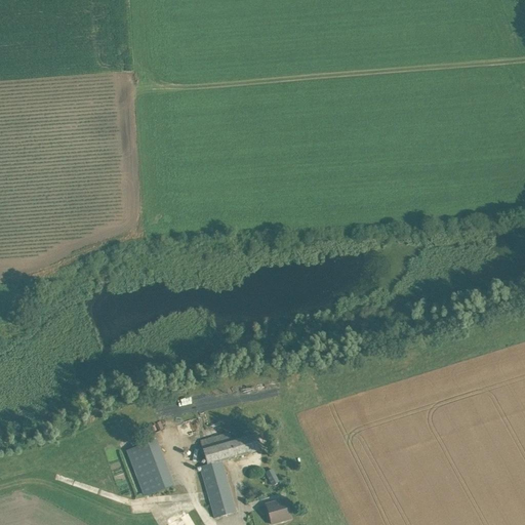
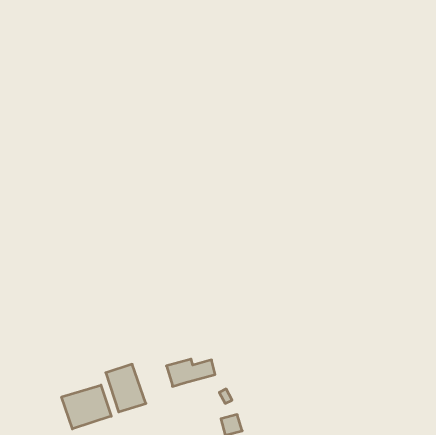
building: [200,460,236,518] -> none
building: none -> [62,385,111,429]

